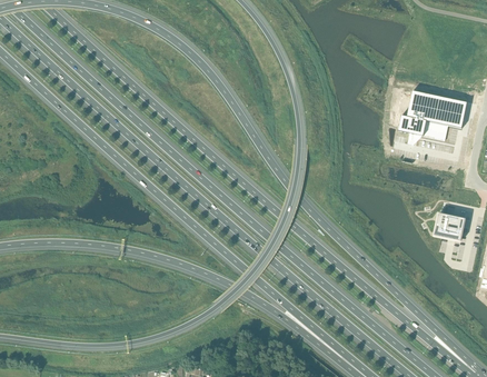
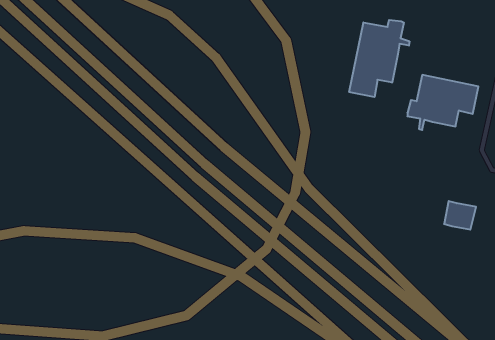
building: none -> [349,20,409,97]

